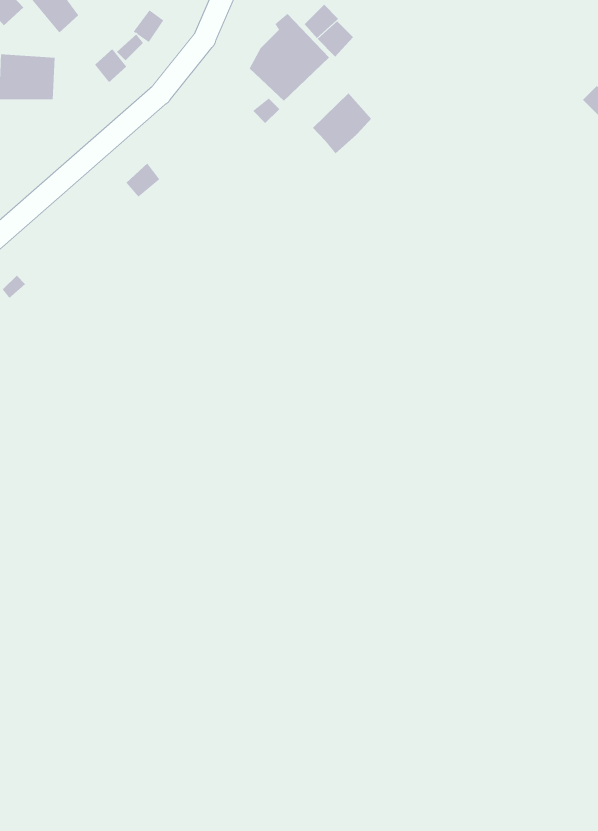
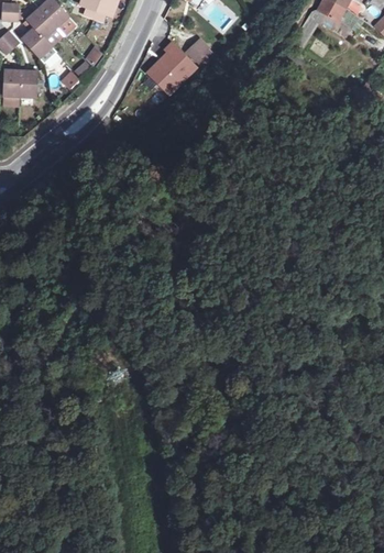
building: [312,93,372,154] -> none

